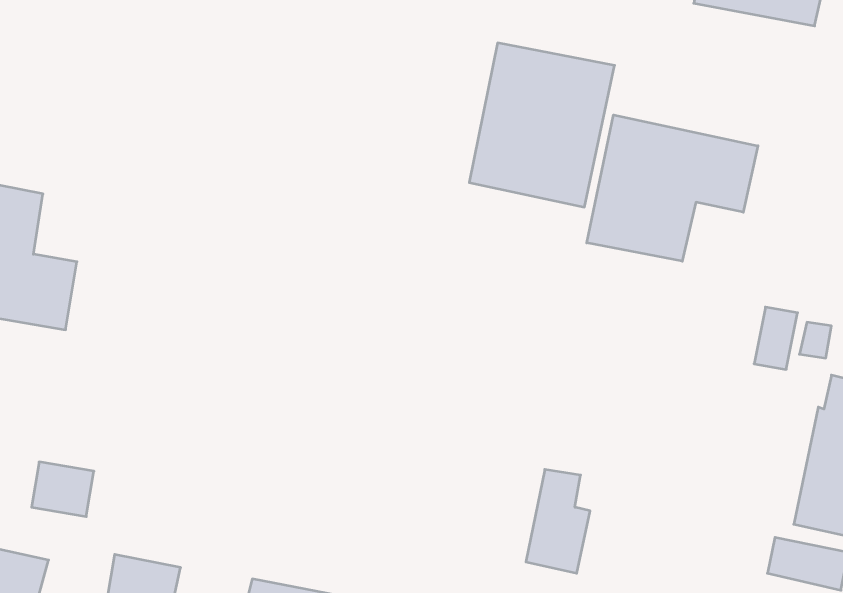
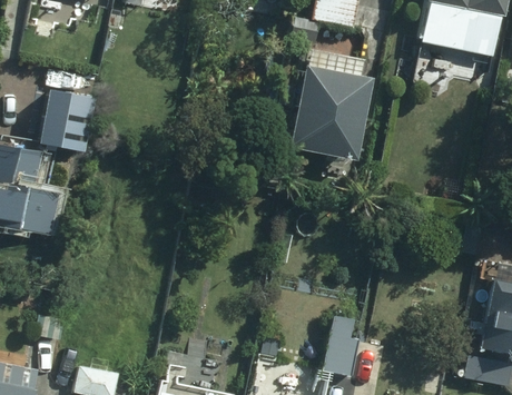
building: none -> [39,91,93,150]
building: [587,115,758,261] -> none

